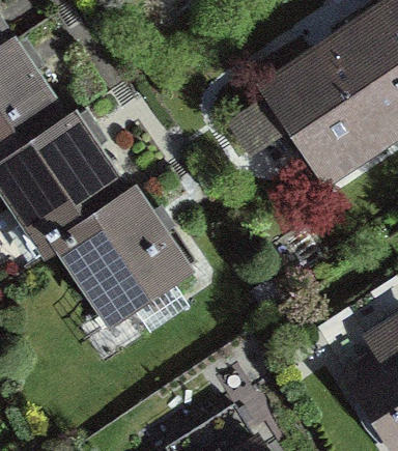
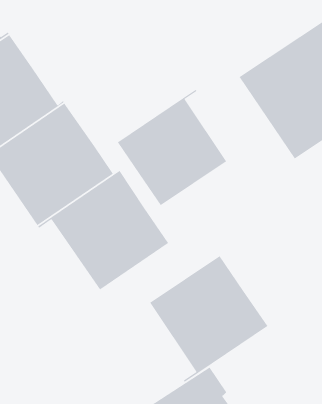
building: none -> [117,89,227,206]
building: none -> [149,255,268,383]

